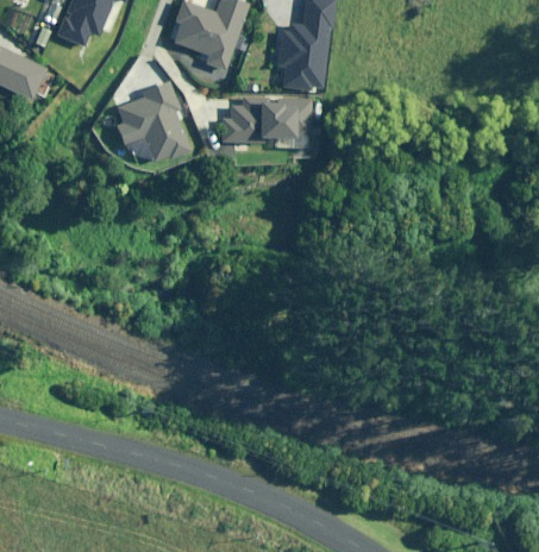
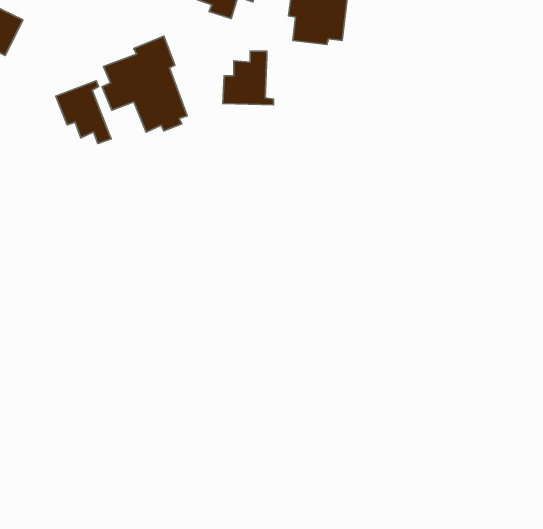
building: [256,94,312,137] -> none
building: none -> [56,81,111,144]

